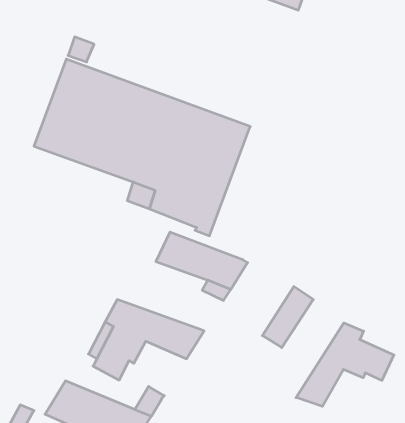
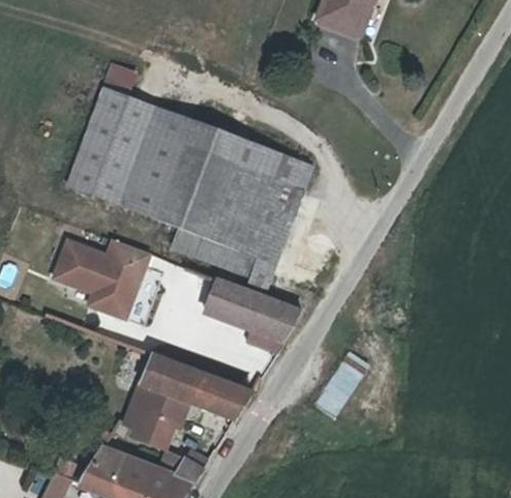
building: none -> [52,240,148,320]
building: [296,323,394,406] -> none

